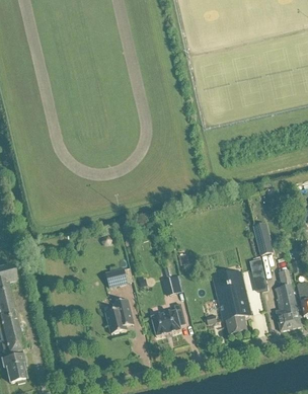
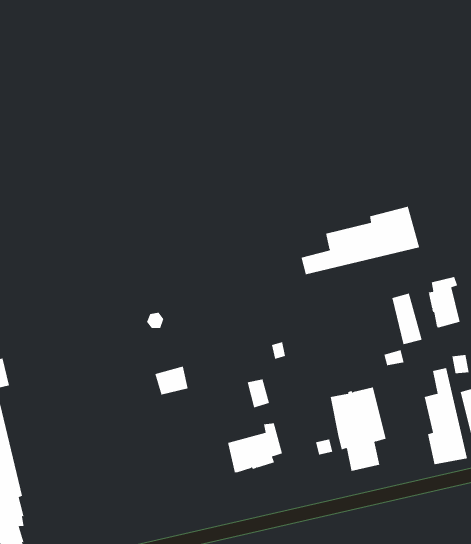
building: none -> [301,206,420,275]
building: none -> [428,276,461,329]
building: [105,297,133,331] -> none

